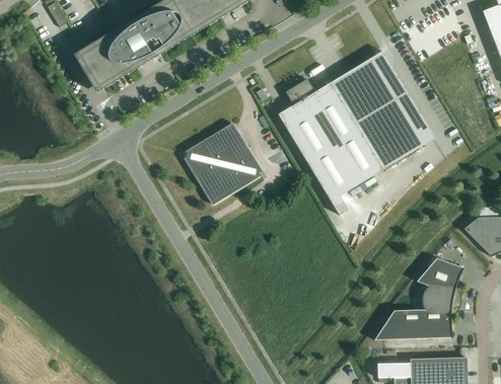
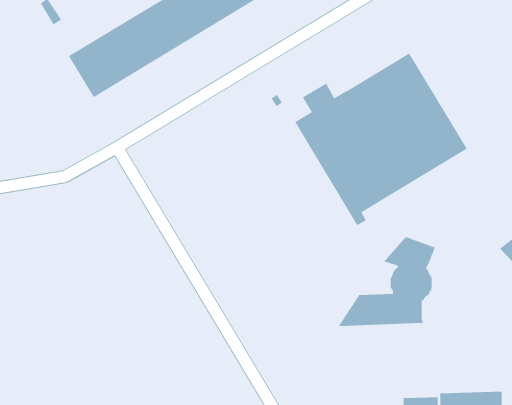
building: [185,123,261,204] -> none
building: [374,257,463,339] -> [337,236,436,327]

